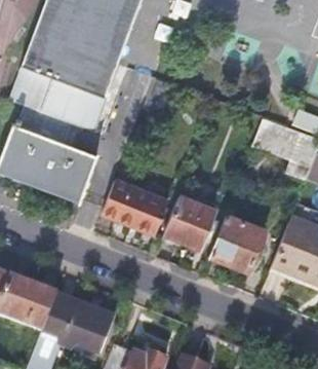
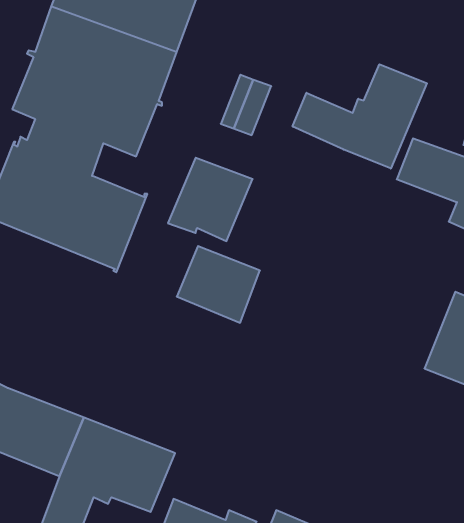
building: none -> [293,64,427,169]
building: [162,195,215,248] -> [168,158,253,241]
building: [210,214,266,270] -> none

